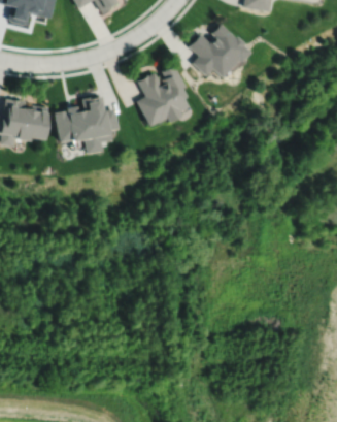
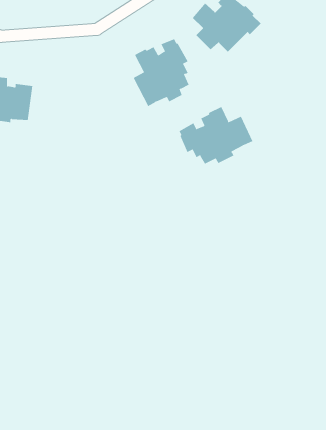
building: [55,97,120,154] -> none
building: none -> [179,106,253,165]

